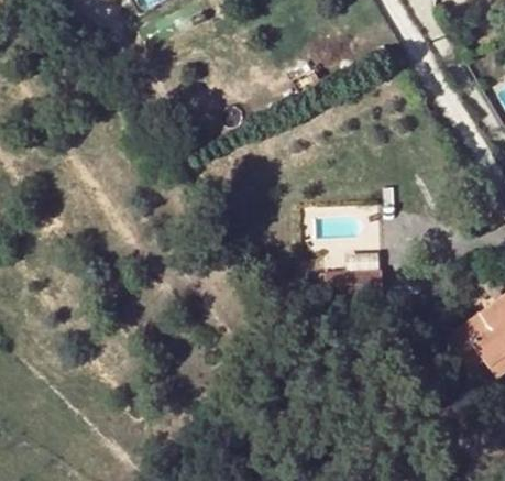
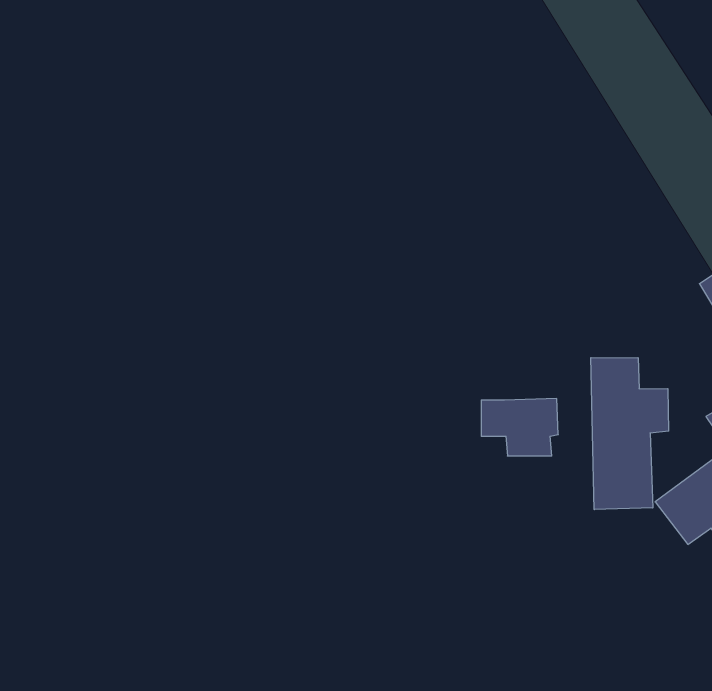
building: none -> [591,358,669,510]

